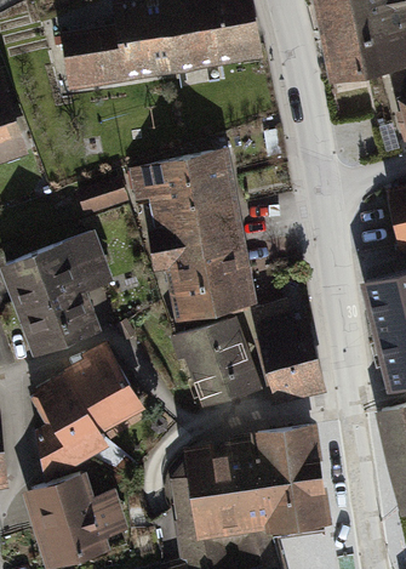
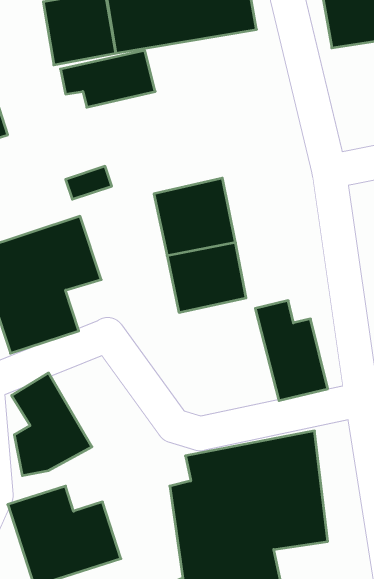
building: [138,157,225,209] -> [60,51,155,107]
building: [176,319,255,408] -> none
building: [65,351,141,432] -> none

